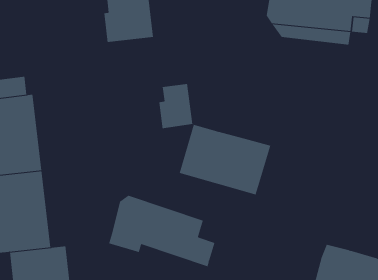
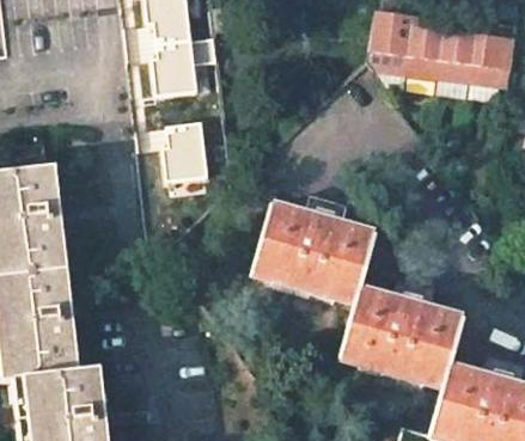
building: [158,83,193,129] -> [159,120,206,180]
building: none -> [338,288,462,384]
building: [108,195,215,267] -> none

